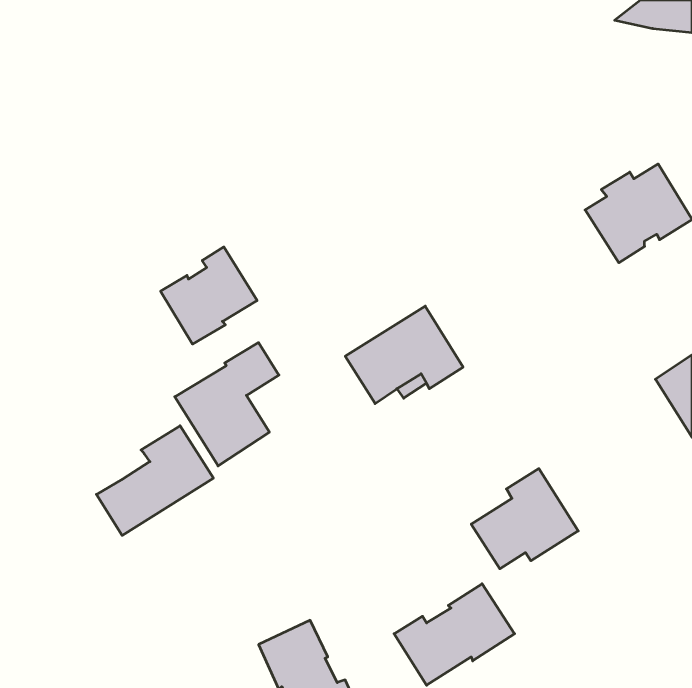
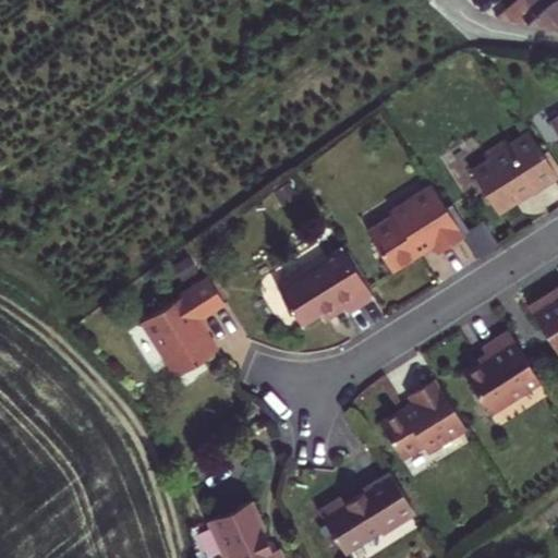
building: none -> [366,187,463,274]
building: [161,247,257,344] -> none
building: none -> [463,333,539,416]
building: [96,426,213,535] -> none

